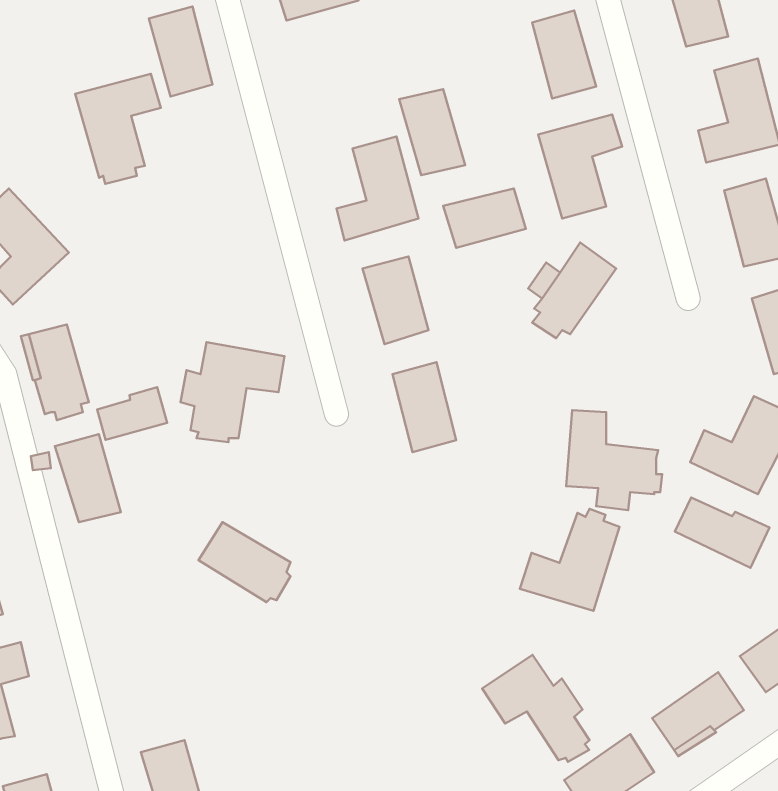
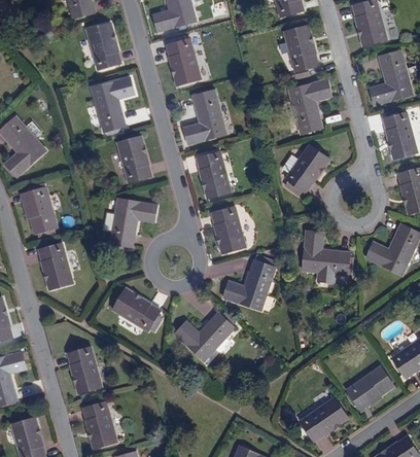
building: [75,74,161,184] -> [90,78,134,135]
building: [399,89,465,175] -> [167,40,201,84]
building: [443,189,526,248] -> none
building: none -> [116,136,150,182]
building: [97,387,167,440] -> none
building: [675,498,769,568] -> none
building: [520,509,620,611] -> [223,258,275,311]
building: none -> [174,313,234,361]
building: none -> [67,347,101,393]
building: [482,655,590,762] -> none

